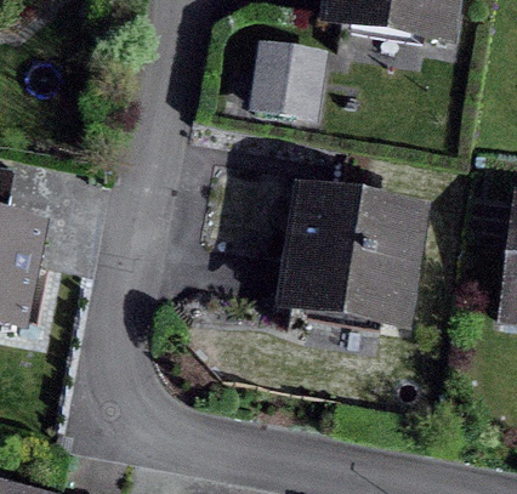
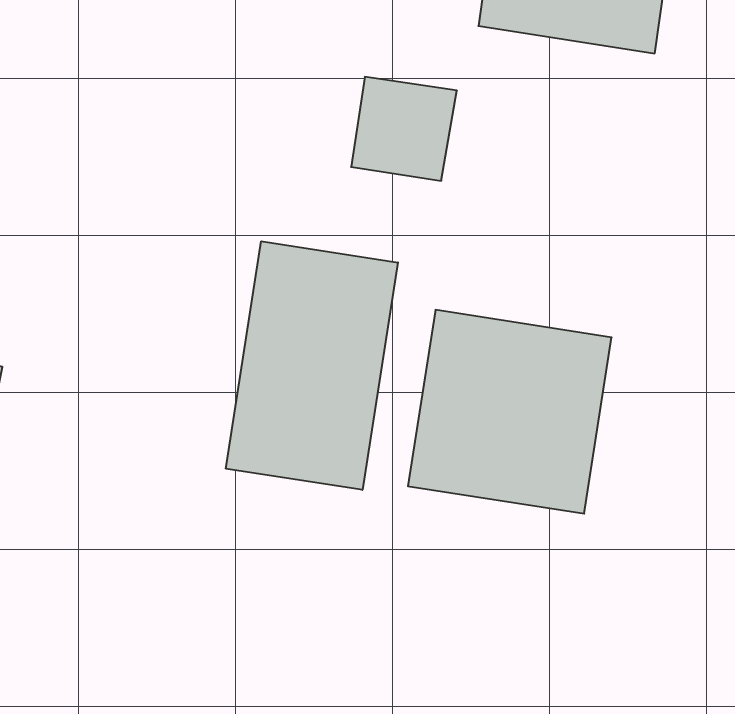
building: none -> [226,241,398,490]

